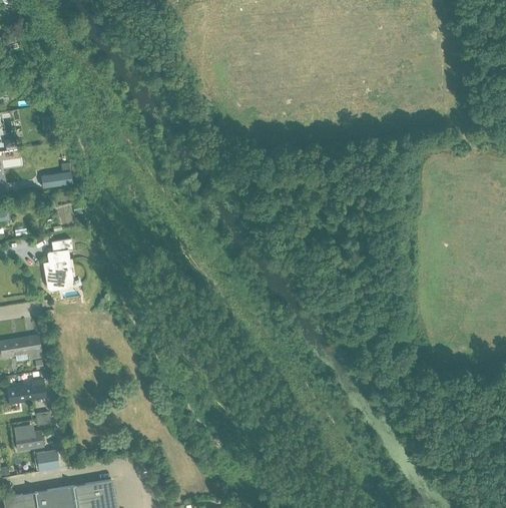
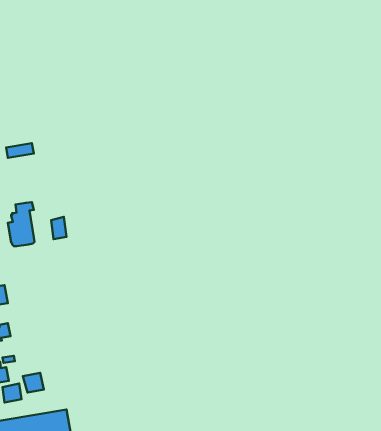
building: none -> [51,217,67,239]
building: none -> [23,373,44,393]

